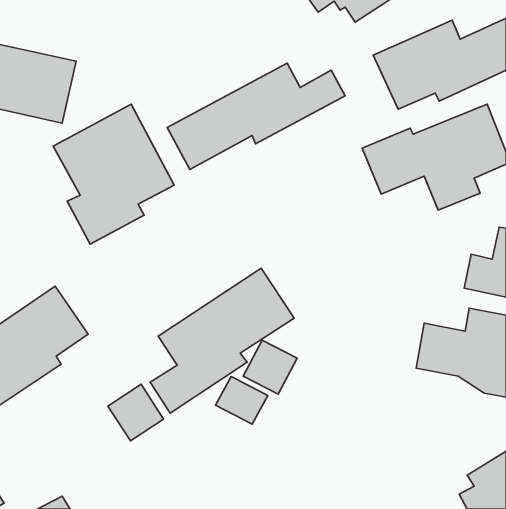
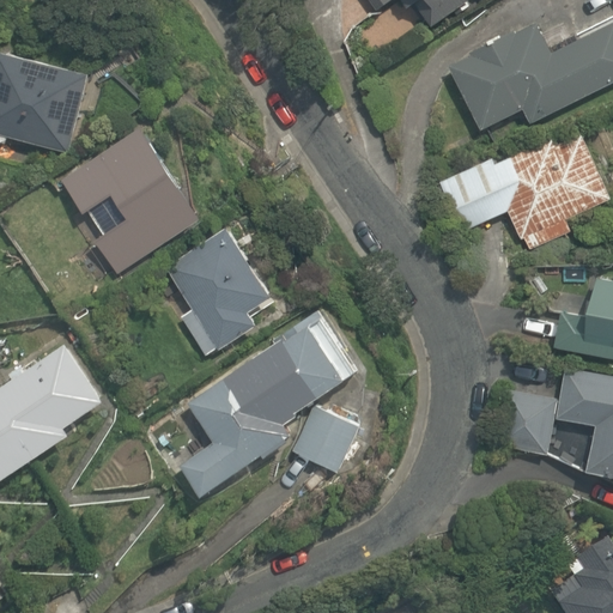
building: [167,63,345,169] -> none
building: none -> [165,227,273,354]
building: [216,376,268,424] -> none
building: [108,384,164,441] -> none

